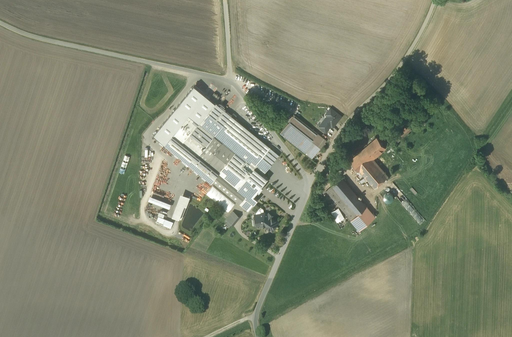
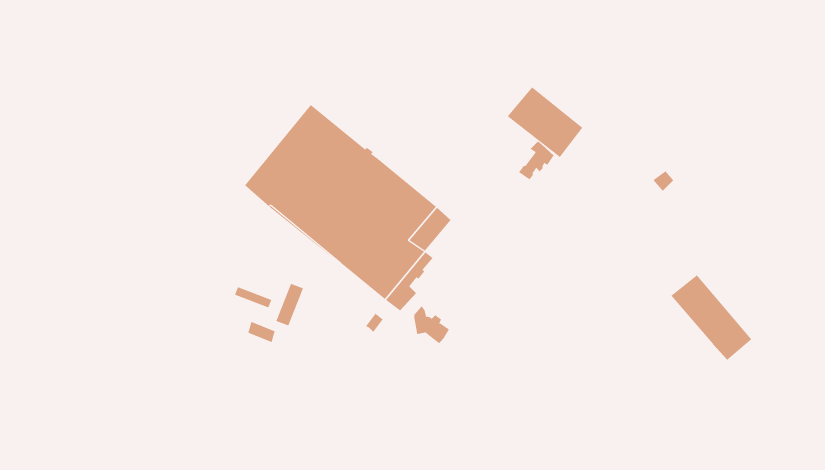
building: [279,114,325,157] -> [507,86,583,158]
building: [349,137,387,187] -> none
building: [325,177,374,229] -> [671,274,752,361]

